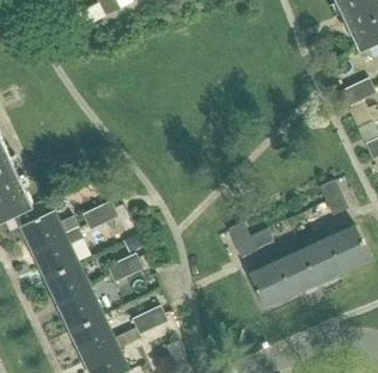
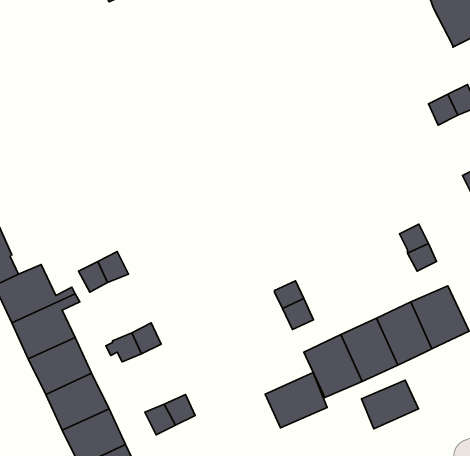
building: none -> [265,372,327,428]
building: none -> [362,380,418,429]

